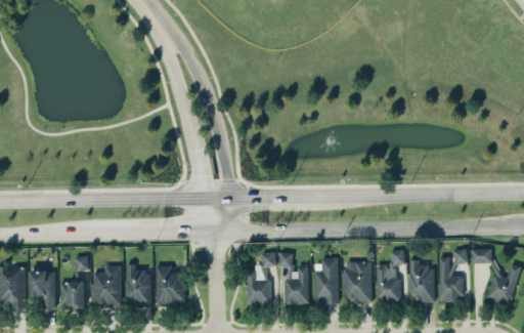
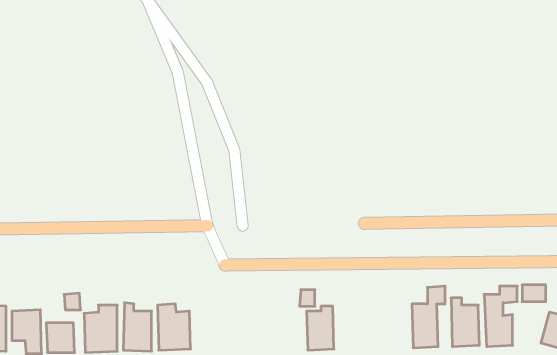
building: [246,253,274,305] -> none
building: [313,258,338,303] -> none
building: [343,261,372,302] -> none

